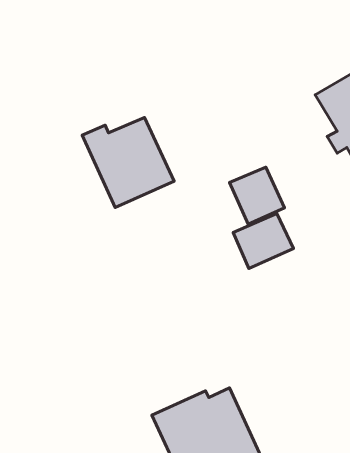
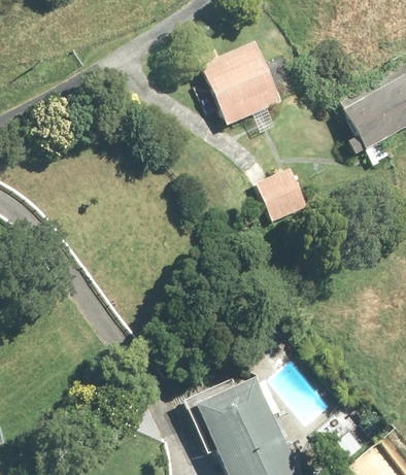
building: [82,118,174,208] -> [196,41,282,126]
building: [233,213,293,268] -> none

